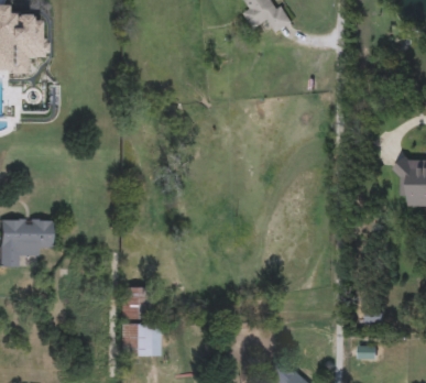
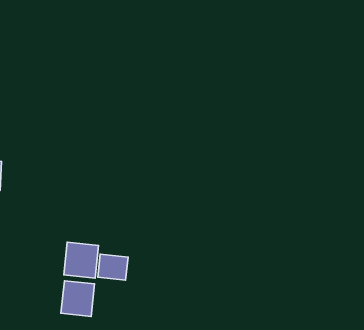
building: none -> [98,254,128,280]

